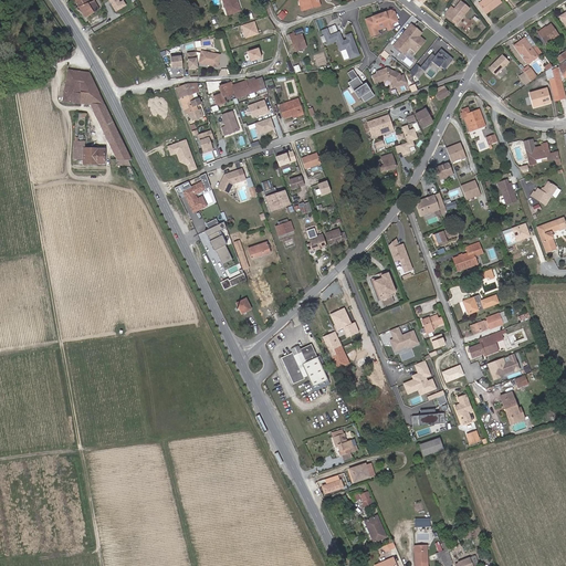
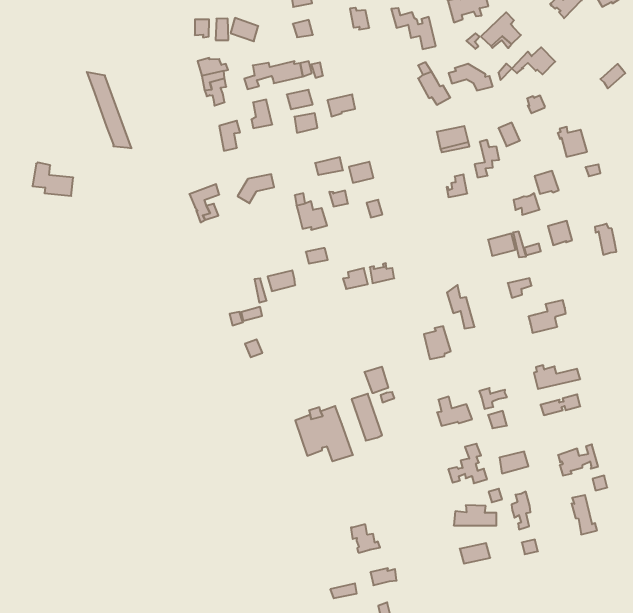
building: [62,64,105,105] -> none
building: [168,137,197,170] -> none
building: [73,139,104,163] -> [32,162,73,196]
building: [202,221,230,265] -> none
building: [469,328,506,357] -> none

